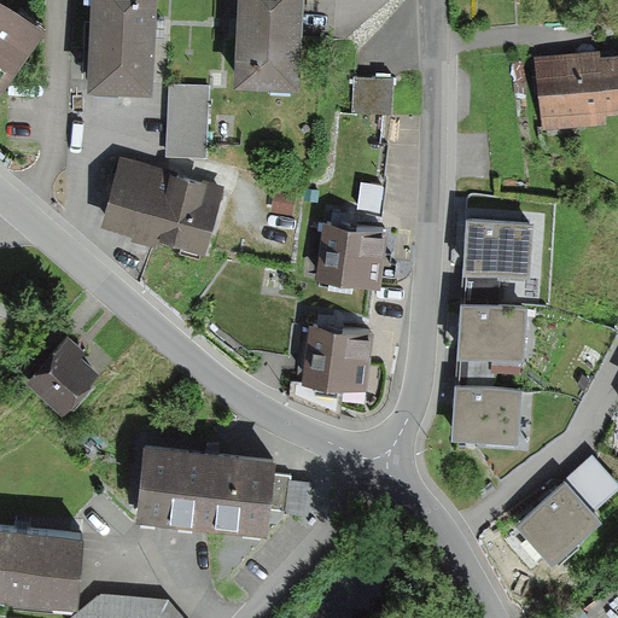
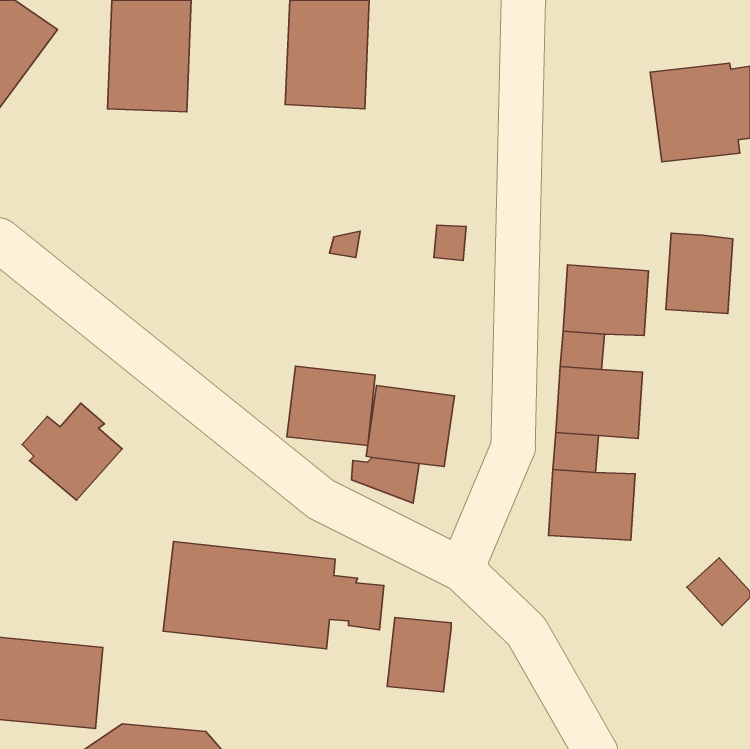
building: [351,80,393,118] -> none
building: [165,84,209,157] -> none
building: [99,158,223,256] -> none
building: none -> [666,233,733,313]
building: [311,223,384,288] -> [287,366,375,446]
building: [513,482,600,569] -> none
building: none -> [387,618,451,692]

